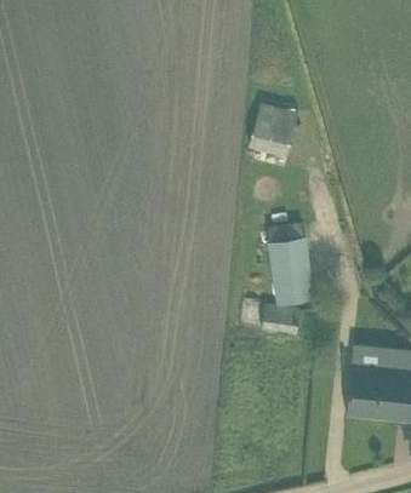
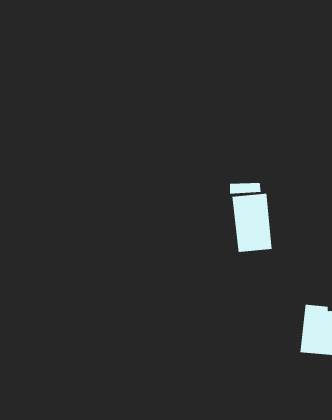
building: [249,102,297,155] -> none
building: [259,303,298,333] -> none

